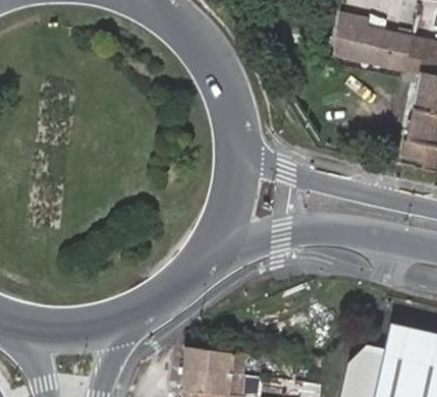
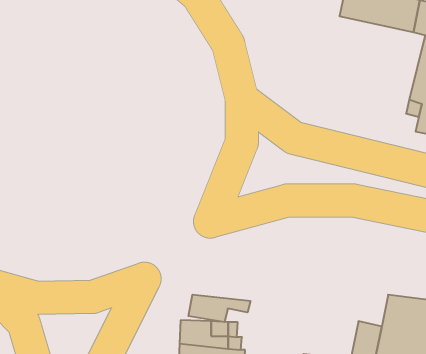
building: none -> [188,295,250,322]

